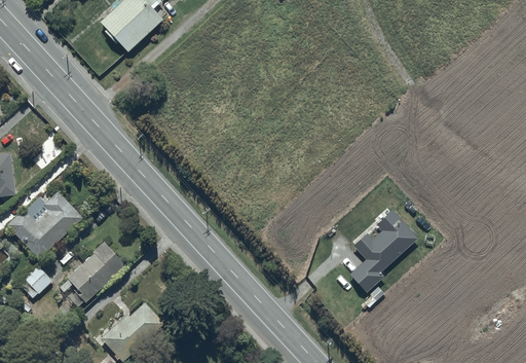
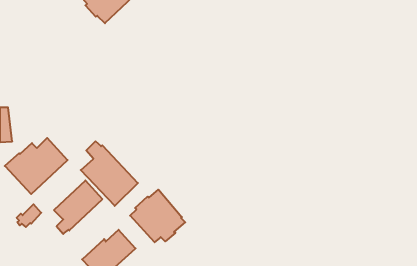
building: none -> [81,141,138,206]
building: [351,214,416,292] -> none
building: none -> [130,190,185,242]

